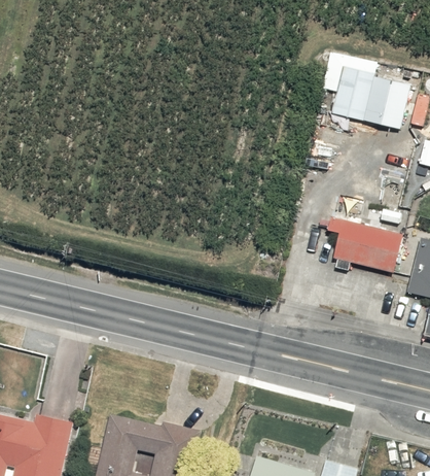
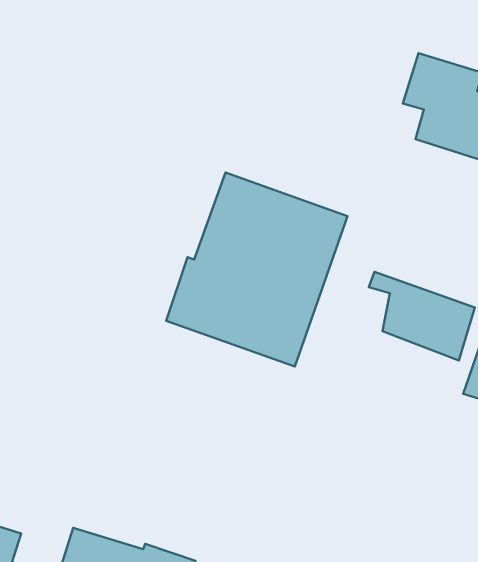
building: none -> [166,173,348,366]

